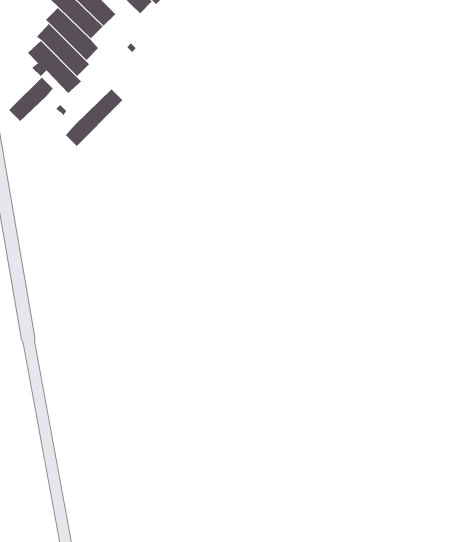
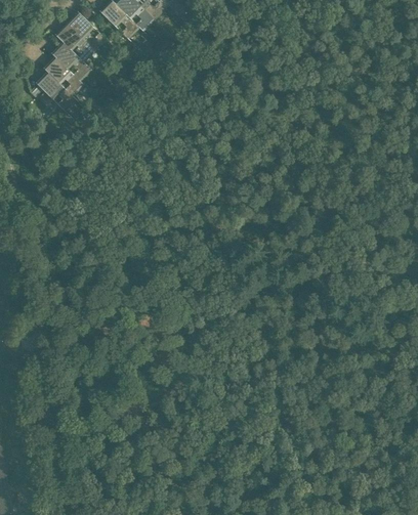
building: [8,77,54,122] -> none
building: [65,89,123,147] -> none

